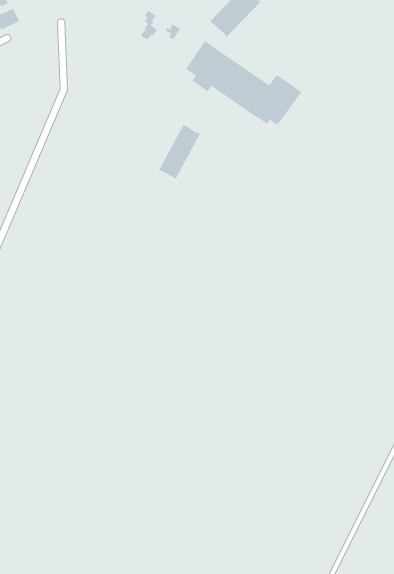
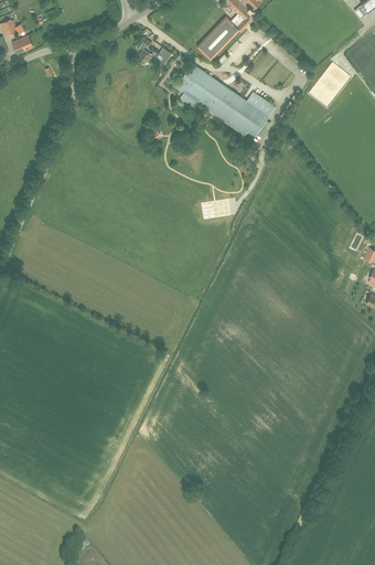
building: [158,124,201,180] -> none

